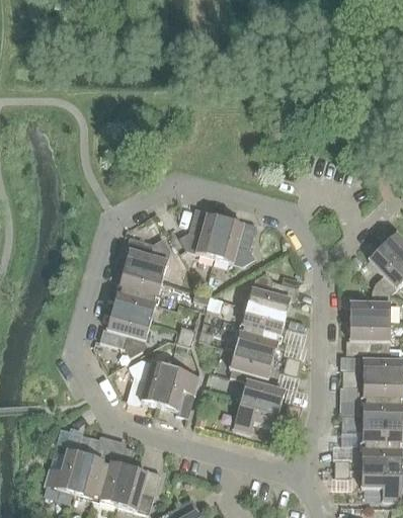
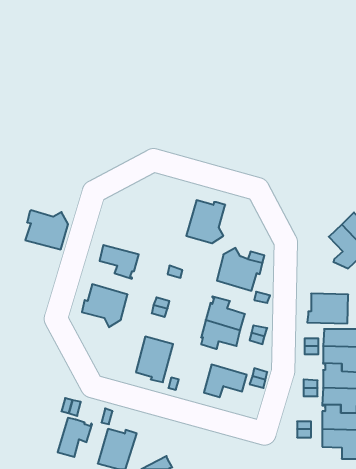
building: [179,206,225,257] -> none
building: [124,235,170,277] -> [25,210,68,249]
building: [111,284,155,321] -> none
building: [349,285,390,321] -> none
building: [242,306,285,342] -> none
building: [127,358,169,405] -> none
building: [241,371,285,408] -> none
building: [44,448,85,492] -> none
building: [92,461,129,504] -> none

